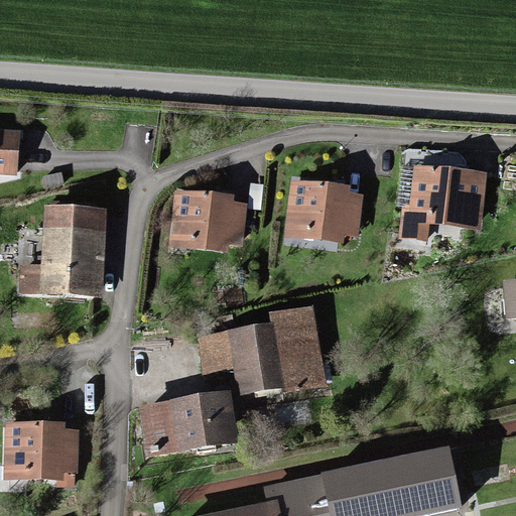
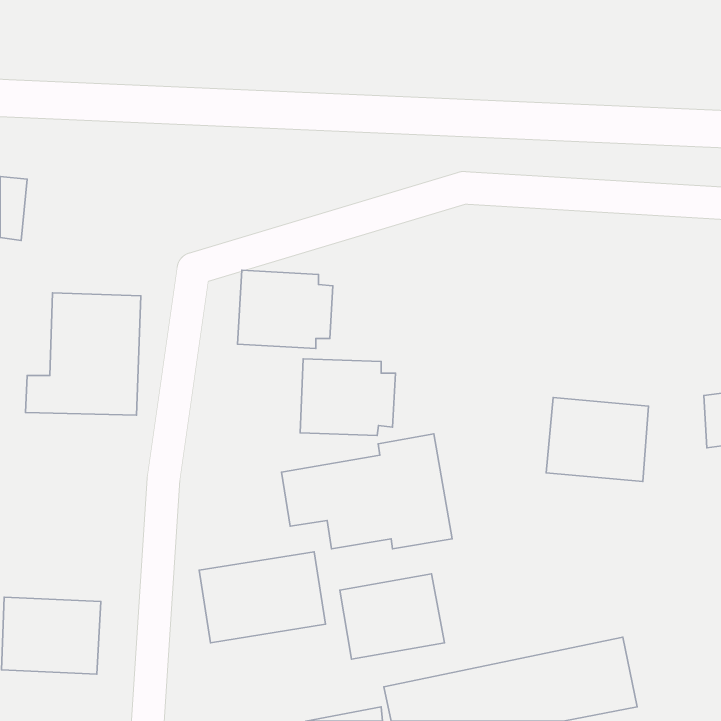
building: [411,166,484,226] -> [546,397,649,481]
building: [291,185,359,240] -> [300,359,395,436]
building: none -> [340,574,445,659]

